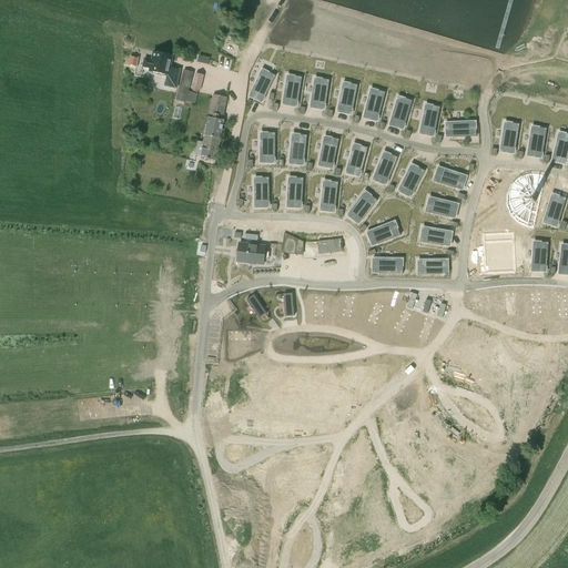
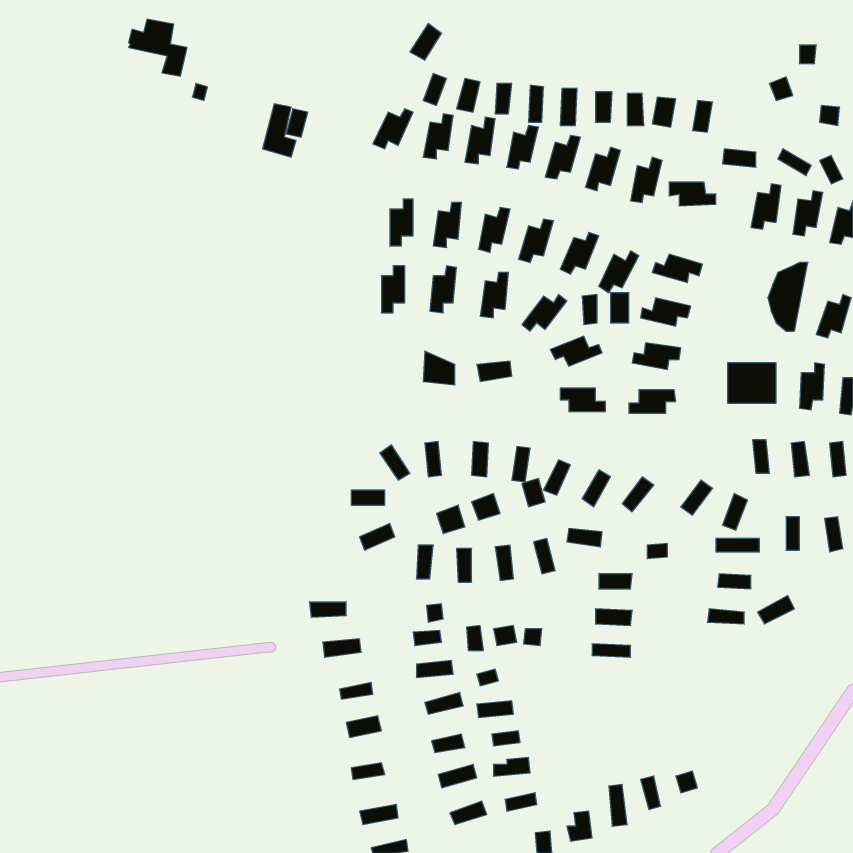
building: [141,50,180,88] -> [129,19,187,76]
building: [200,94,226,160] -> none
building: [235,241,265,265] -> none

